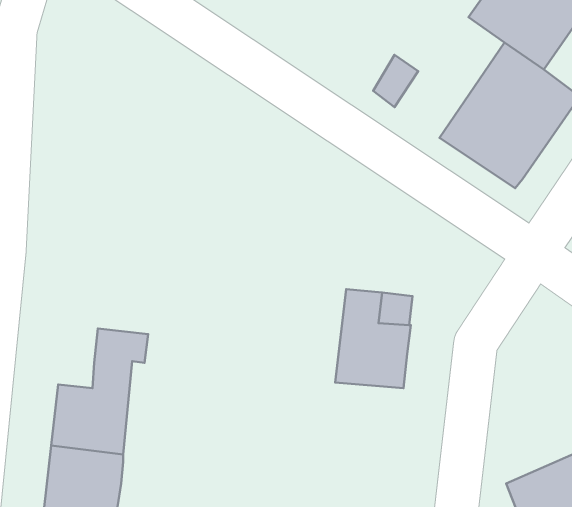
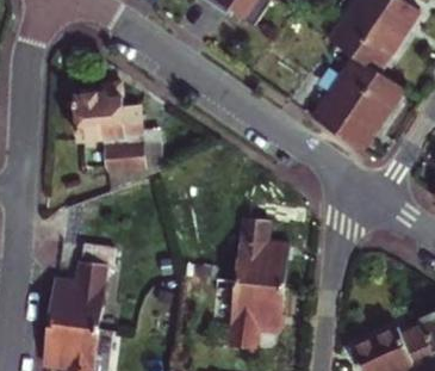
building: none -> [72,86,157,192]
building: none -> [230,280,282,347]

